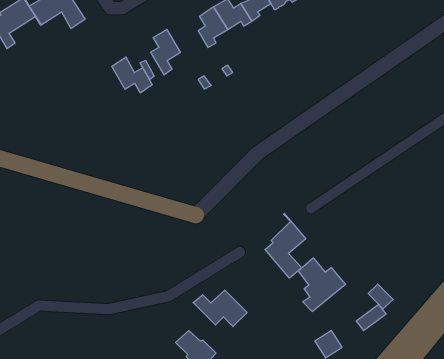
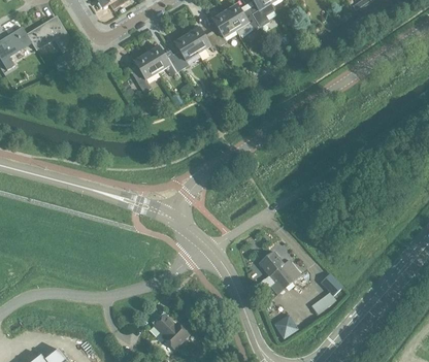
building: [112,57,152,93] -> [146,44,182,75]
building: [265,213,306,278] -> none
building: [193,290,247,327] -> none

